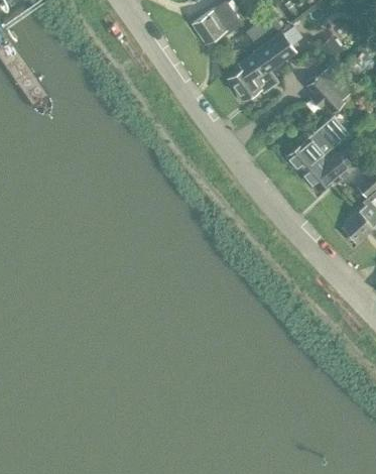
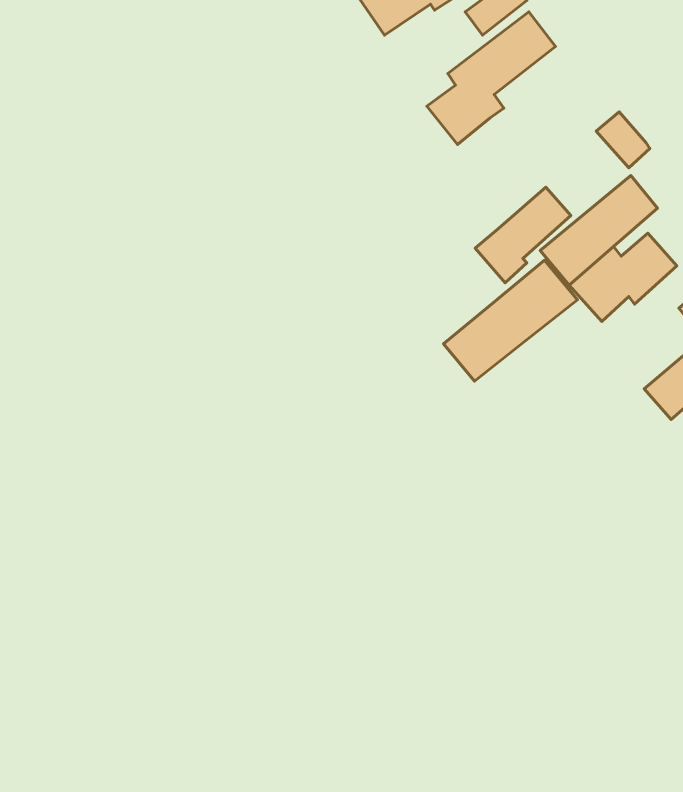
building: none -> [475,187,571,283]
building: none -> [443,260,577,381]

